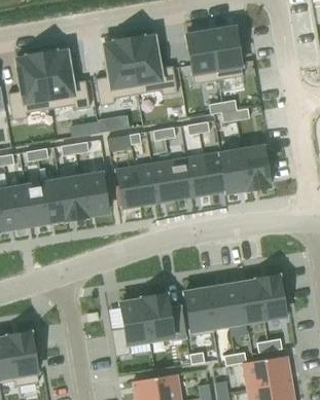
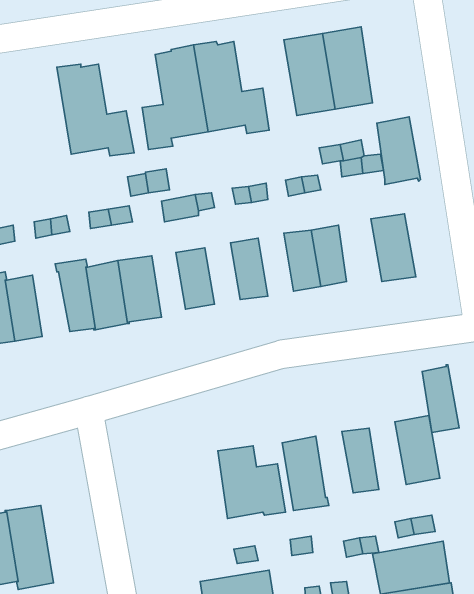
building: [9,52,50,119] -> none
building: [221,149,249,192] -> [377,117,420,184]
building: [170,158,192,198] -> none
building: [136,165,158,204] -> none
building: [26,183,49,224] -> none
building: [241,279,264,322] -> [422,365,459,433]
building: [207,285,230,327] -> none
building: [112,297,150,356] -> none

